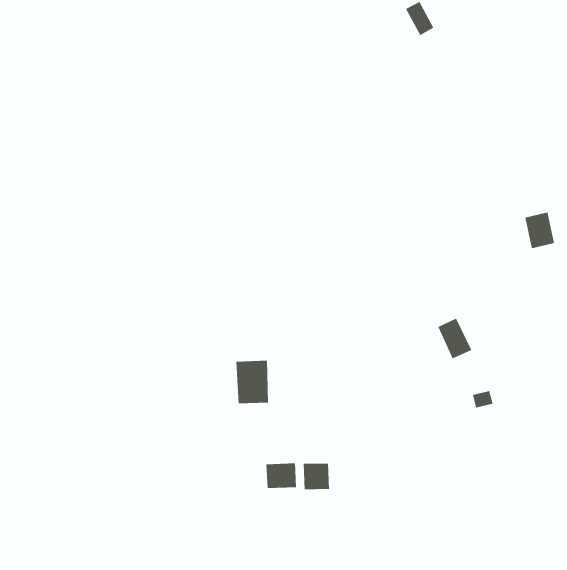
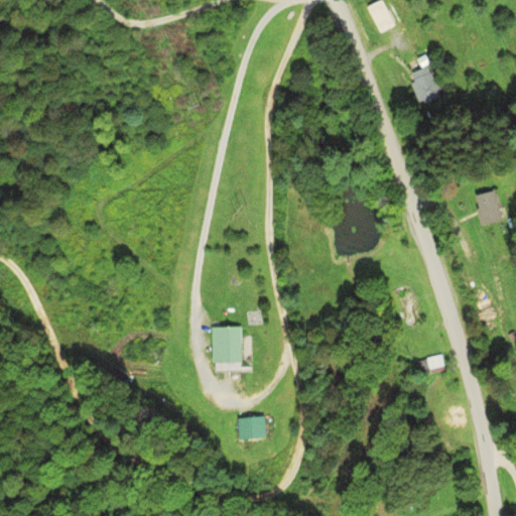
building: none -> [408,64,444,108]
building: [303,463,329,490] -> none

